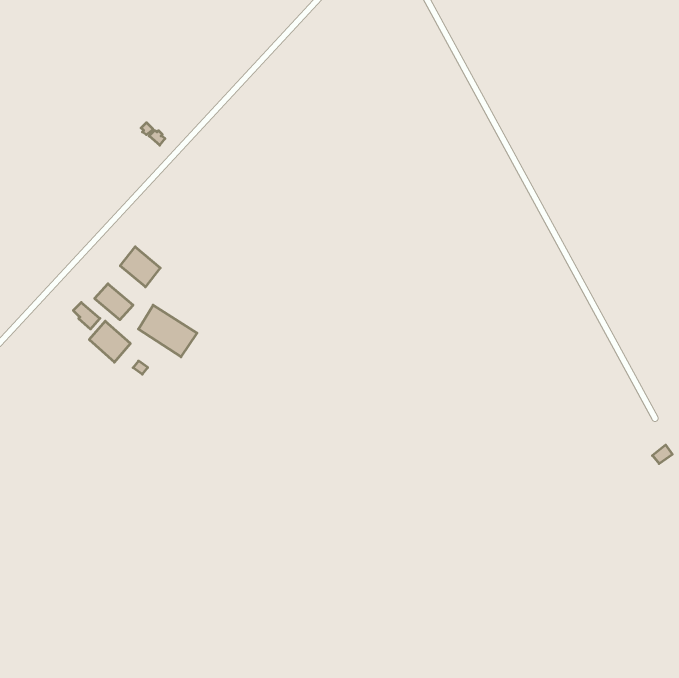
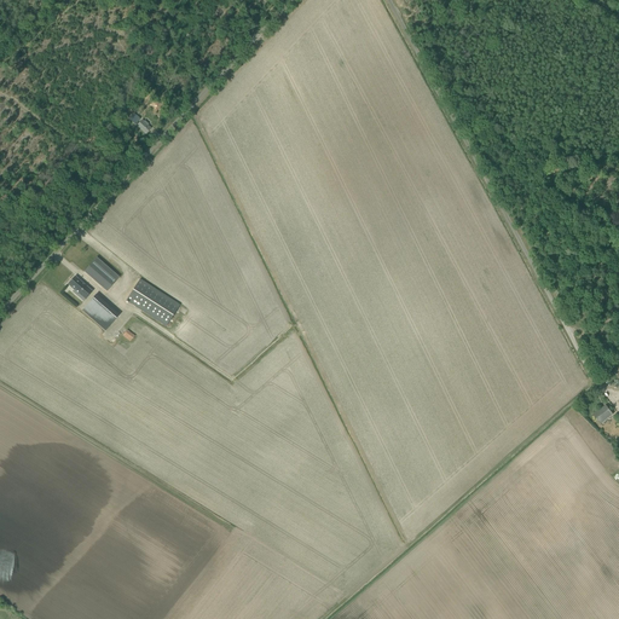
building: [120,247,160,287] -> none

